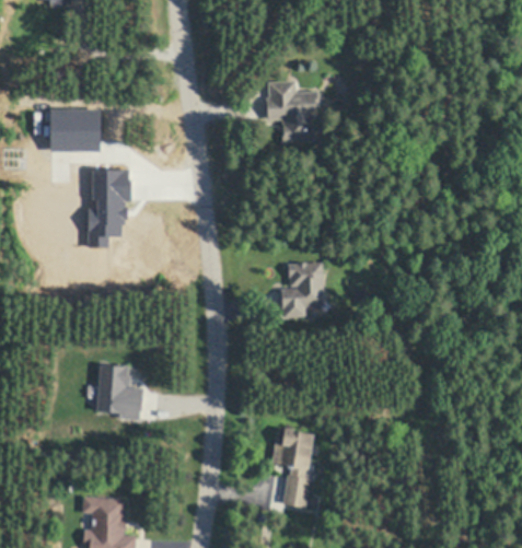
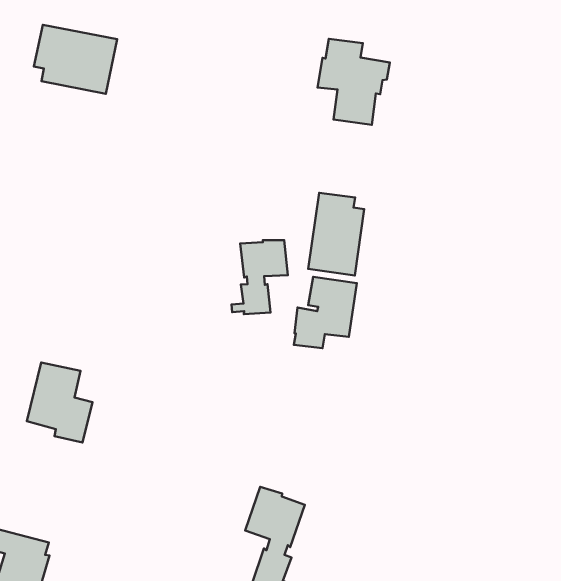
building: [91,168,137,247] -> none
building: none -> [308,193,364,275]
building: none -> [231,240,288,314]

